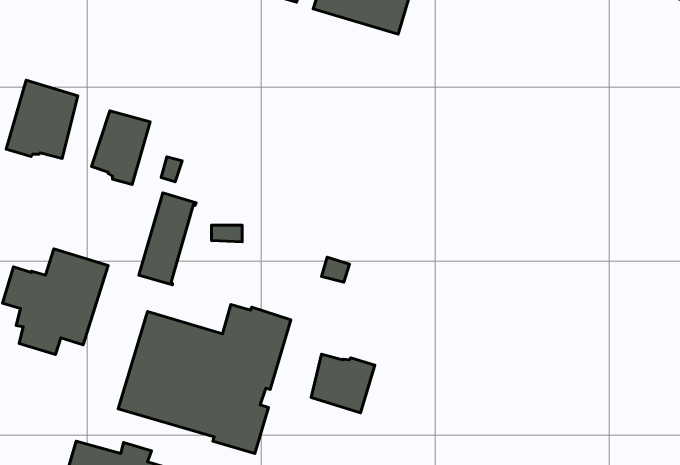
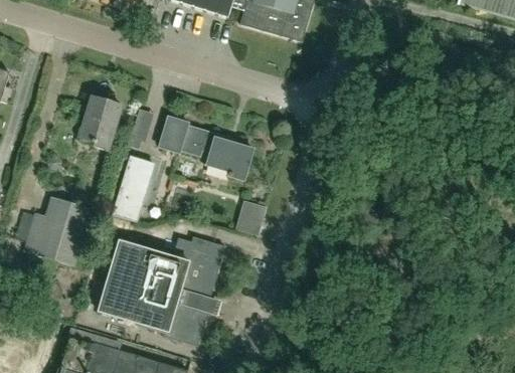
building: [6,80,78,158] -> none
building: none -> [160,116,254,180]
building: [311,354,375,413] -> none

